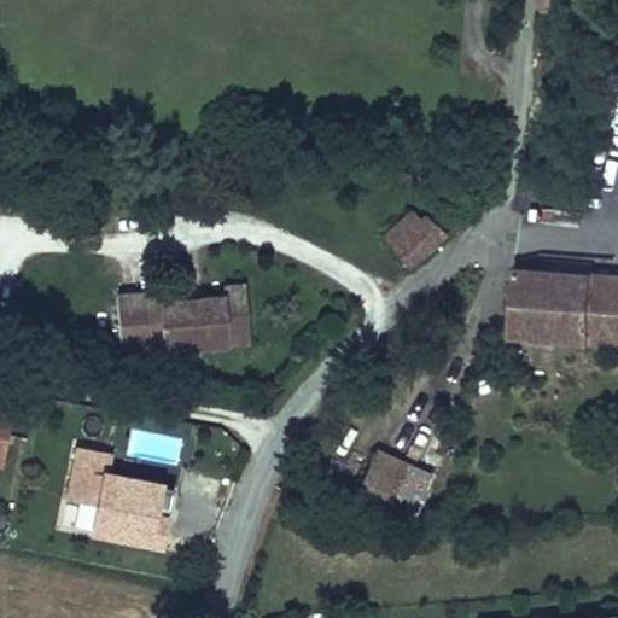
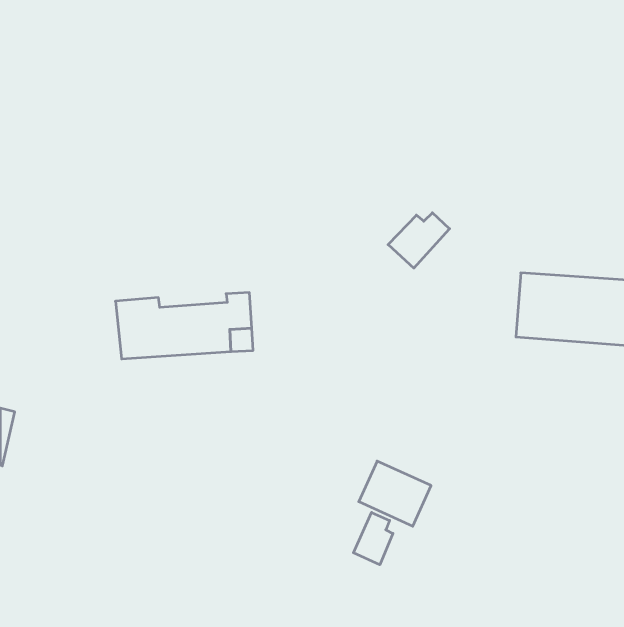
building: [69,447,168,543] -> none
building: none -> [353,512,393,565]

